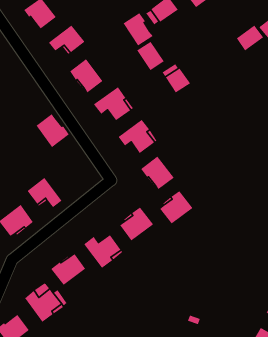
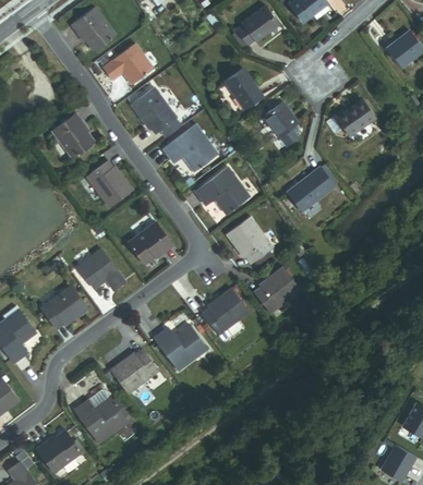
building: [122,12,154,46] -> none
building: [236,24,264,51] -> [336,101,374,137]
building: none -> [53,114,97,160]
building: none -> [286,167,333,209]
building: none -> [128,219,173,262]

